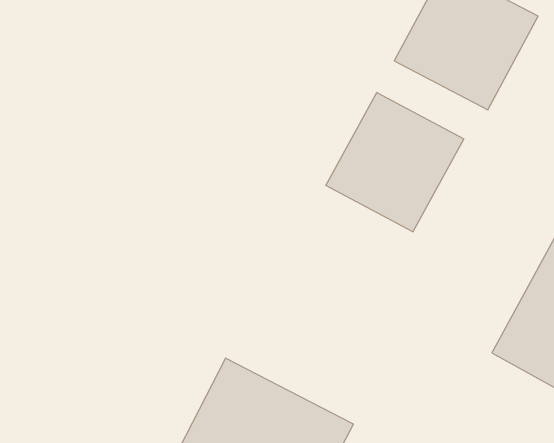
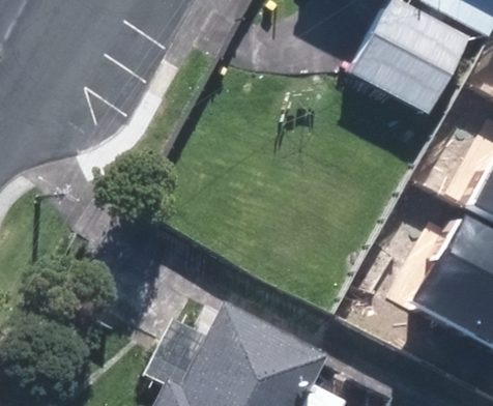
building: [326,92,464,232] -> none

